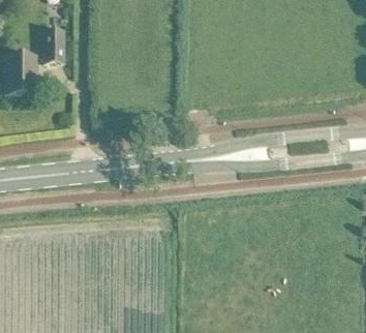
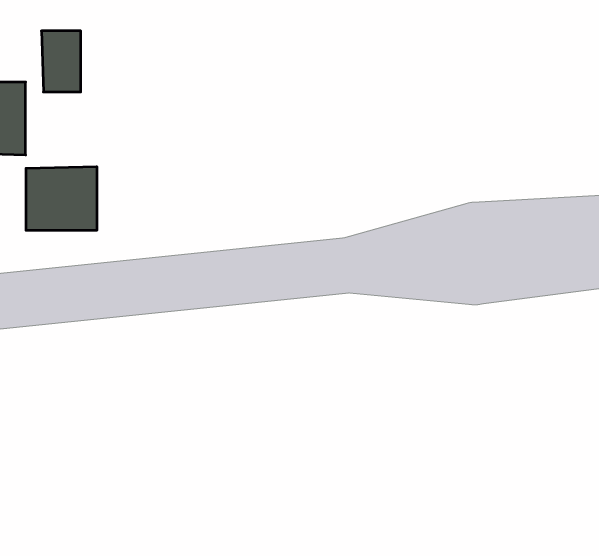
building: none -> [26,167,97,230]

